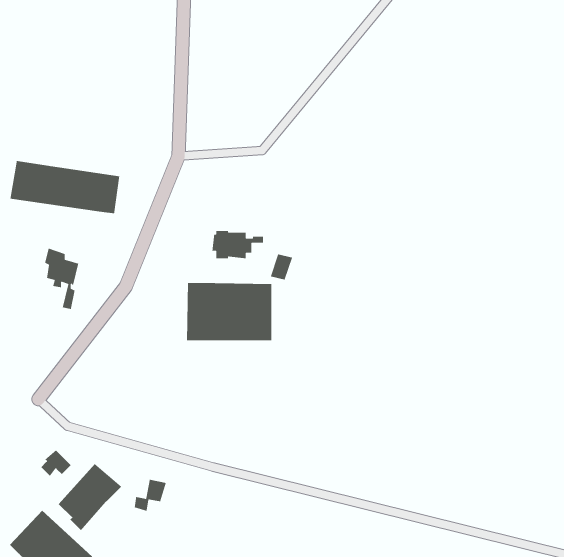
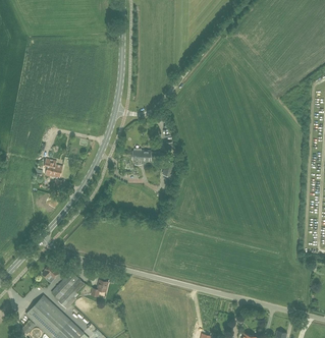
building: [9,160,120,214] -> none
building: [186,282,272,341] -> none

